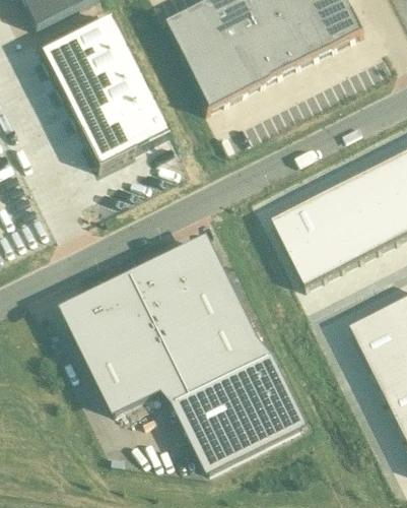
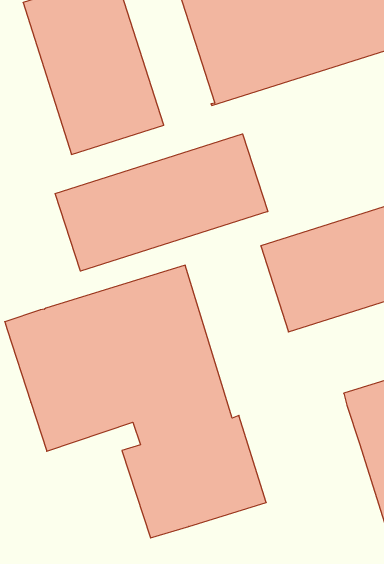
building: none -> [55,134,268,271]

